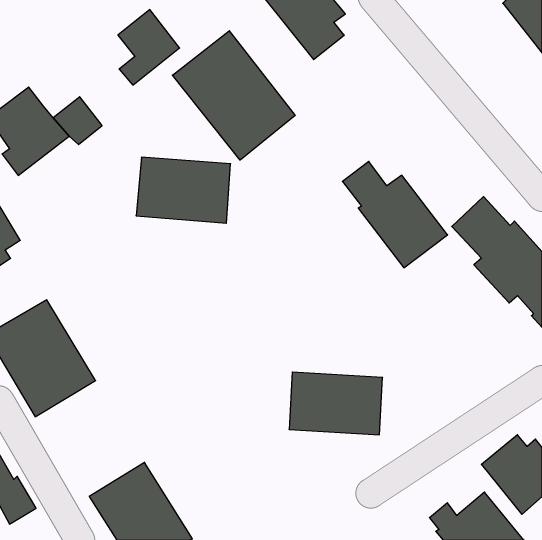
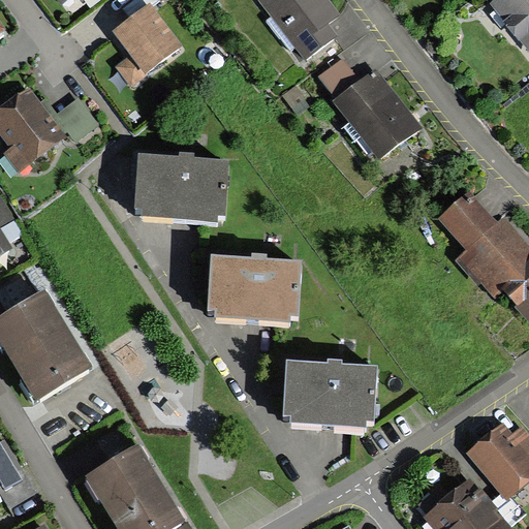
building: [172,31,295,160] -> none
building: [342,161,448,268] -> [318,57,421,160]
building: none -> [205,257,299,320]

